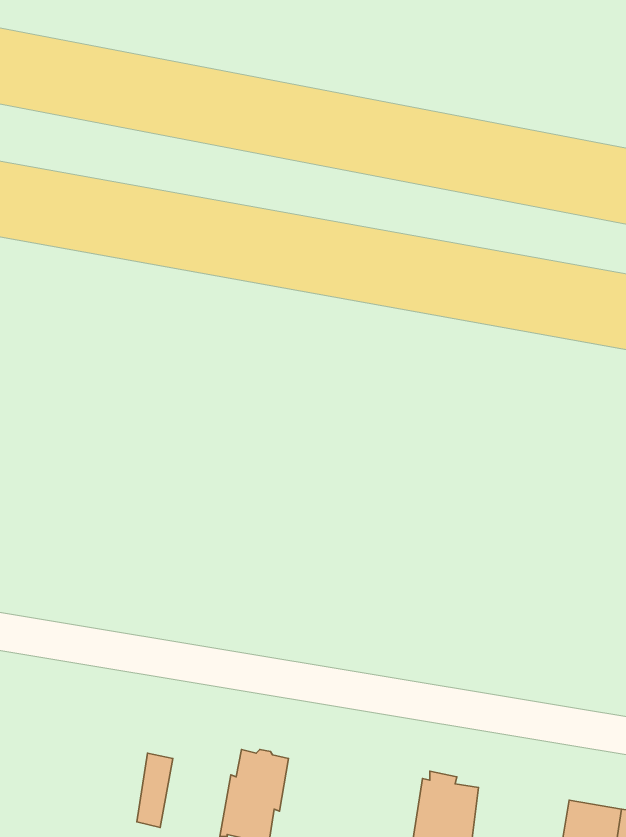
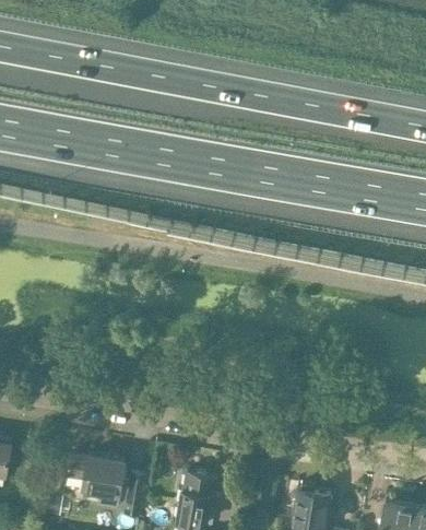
building: none -> [67,456,123,507]

